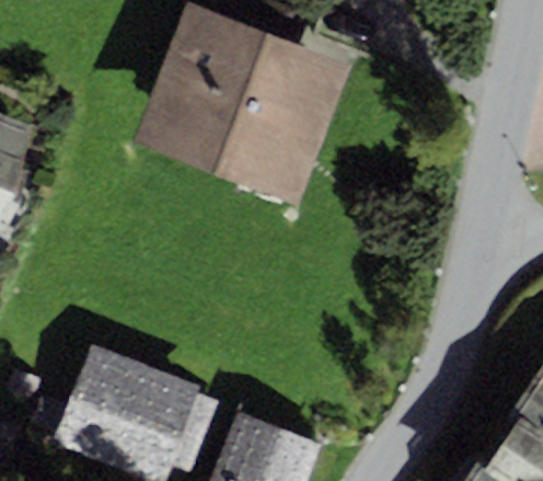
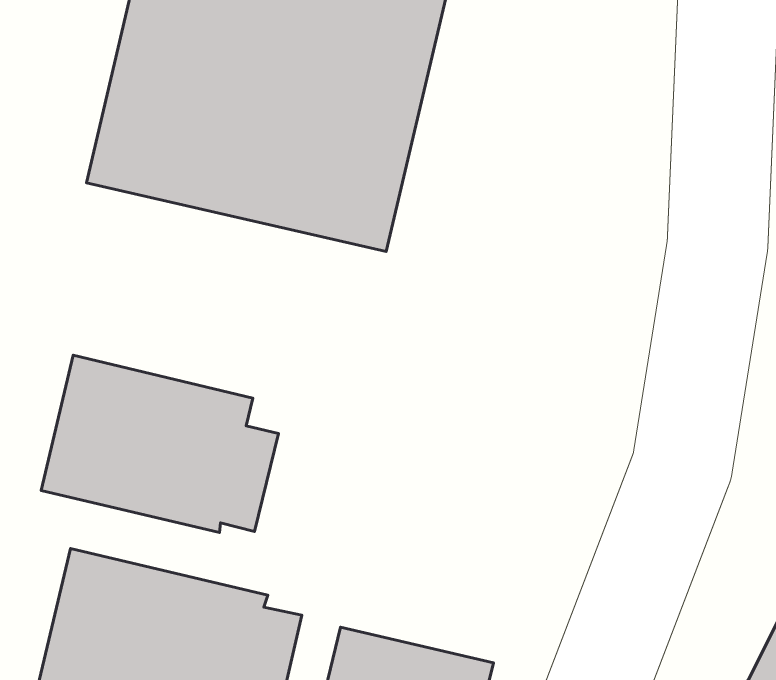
building: none -> [41,355,279,533]

